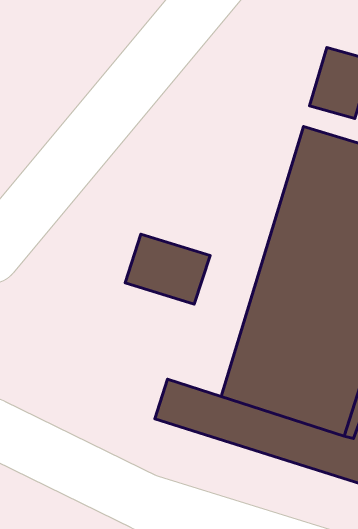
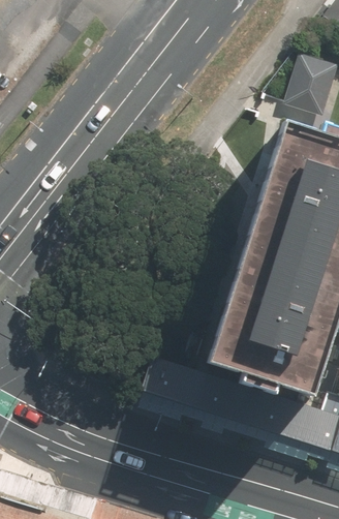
building: [125,234,210,304] -> none

